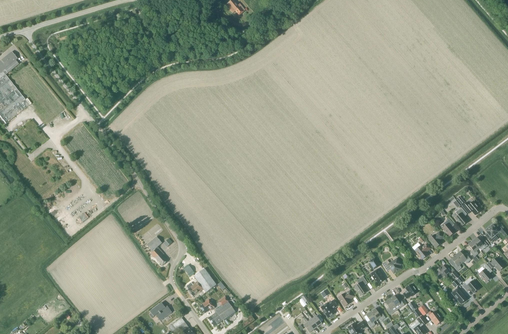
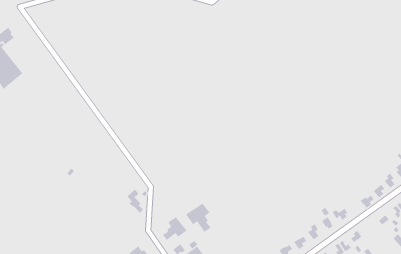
building: none -> [185,203,211,233]

